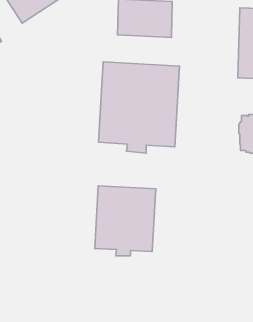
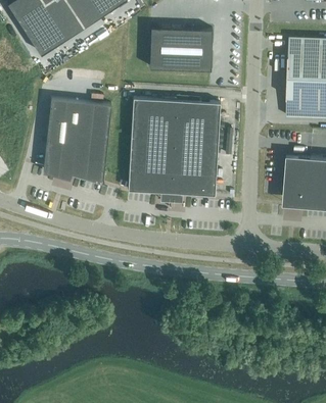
building: none -> [35,98,110,184]
building: [95,186,156,256] -> none

